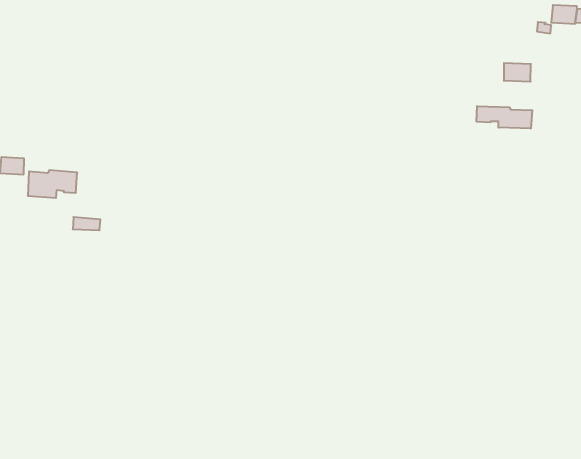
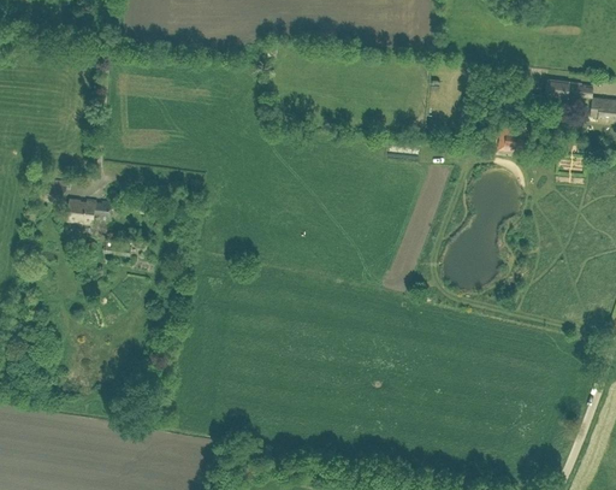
building: [477,106,532,129] -> none

